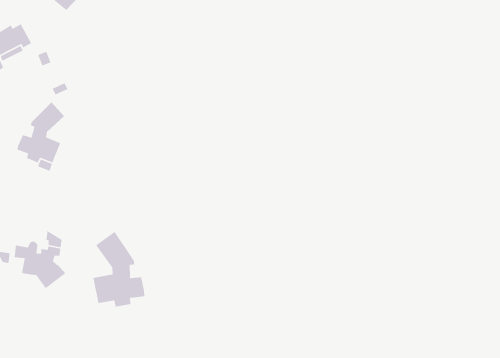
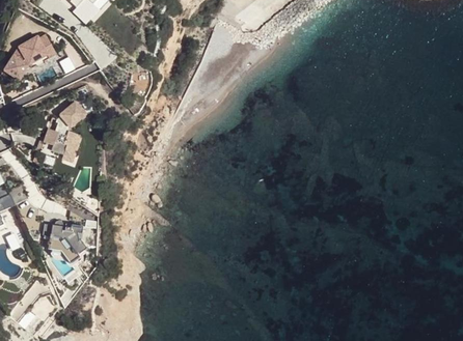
building: [93,231,145,307] -> none

